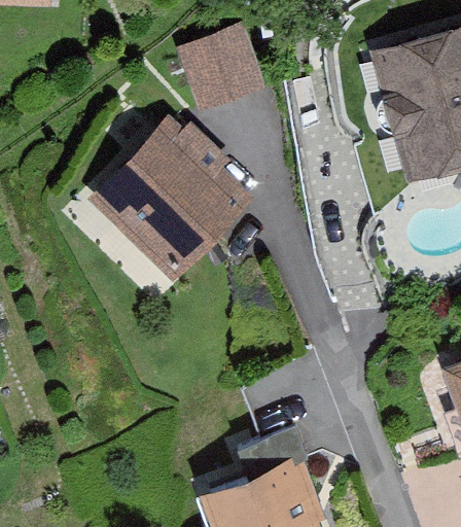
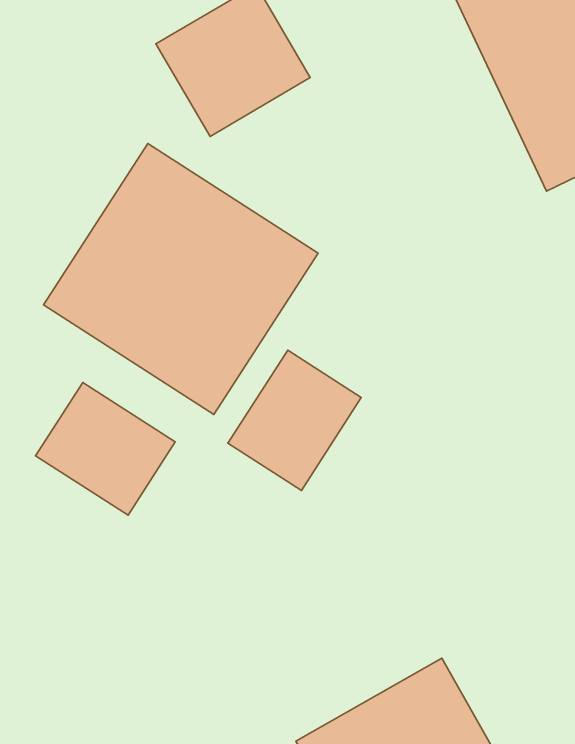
building: none -> [36,382,175,515]
building: none -> [228,350,361,491]

